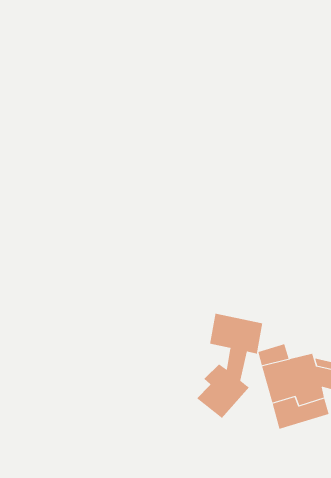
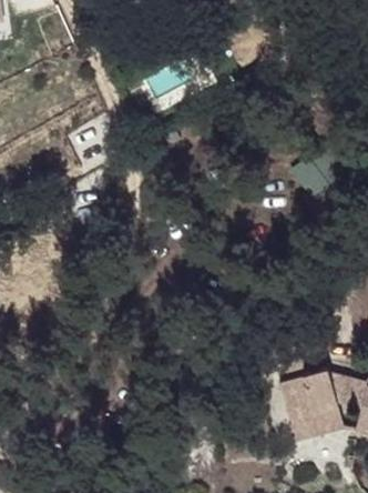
building: [196,313,263,419] -> none

